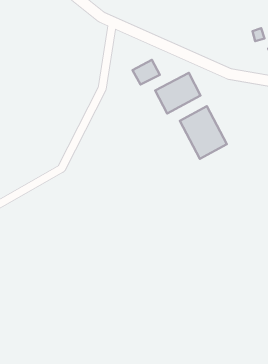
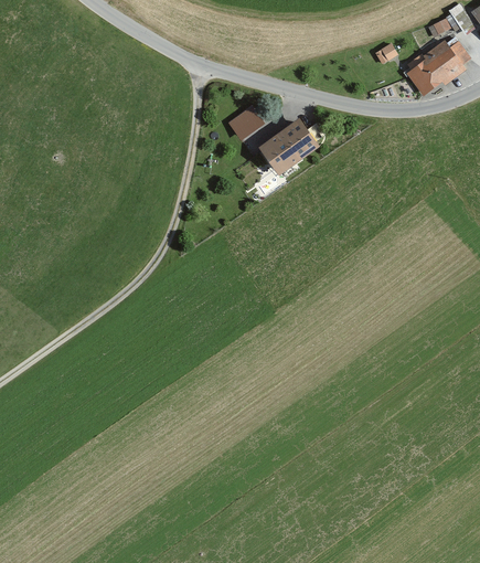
building: [180,106,227,159] -> none

